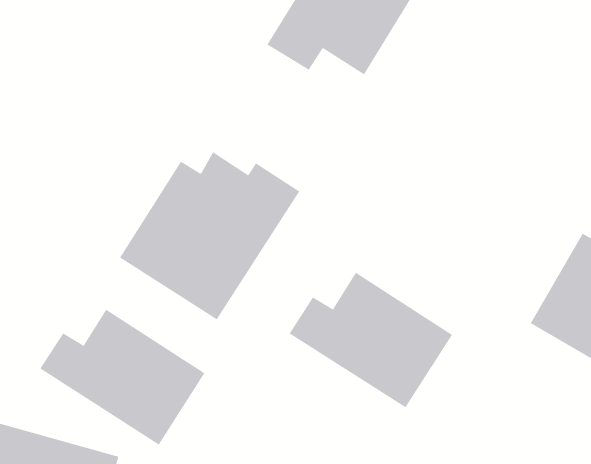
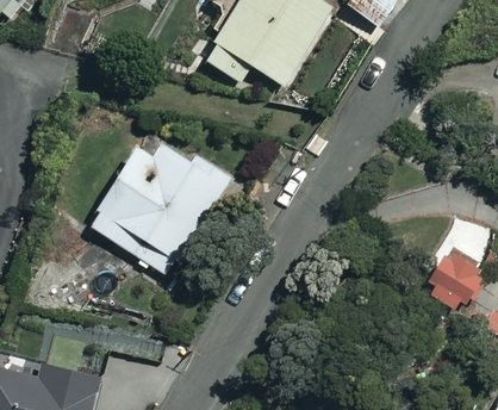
building: [289,272,453,408] -> none
building: [39,309,205,445] -> none

